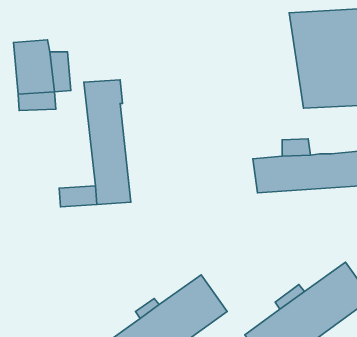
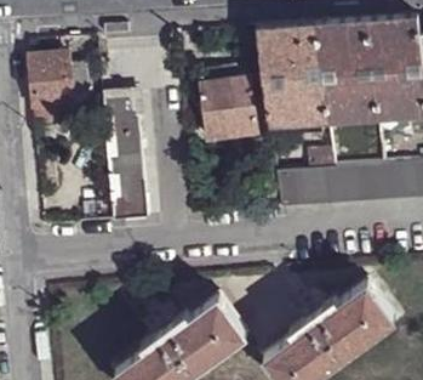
building: none -> [255,21,328,123]
building: none -> [198,79,255,137]

